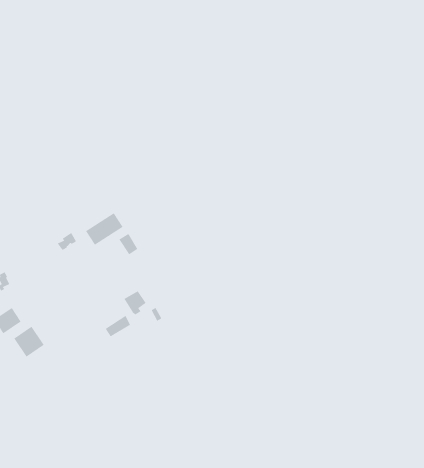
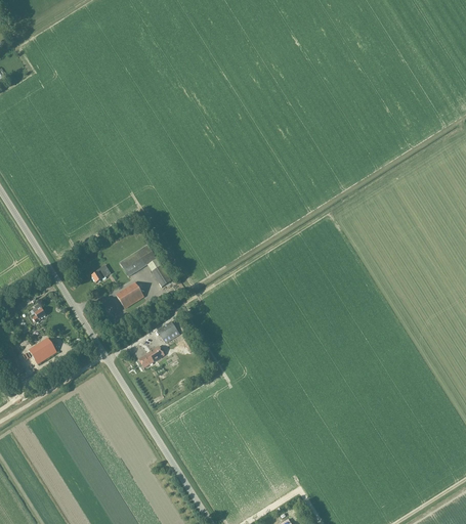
building: none -> [115,281,142,308]
building: [13,326,45,358] -> none

